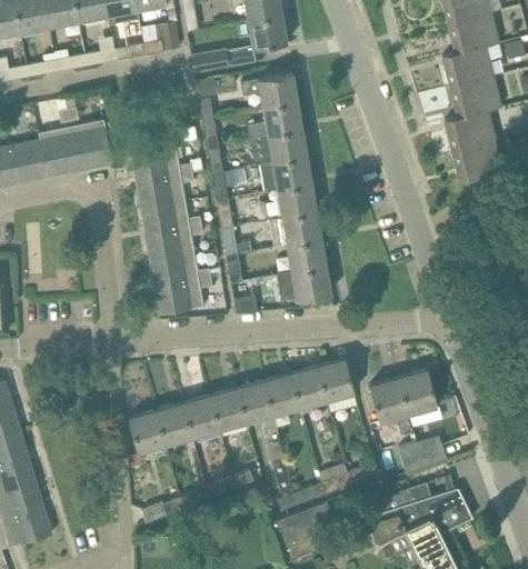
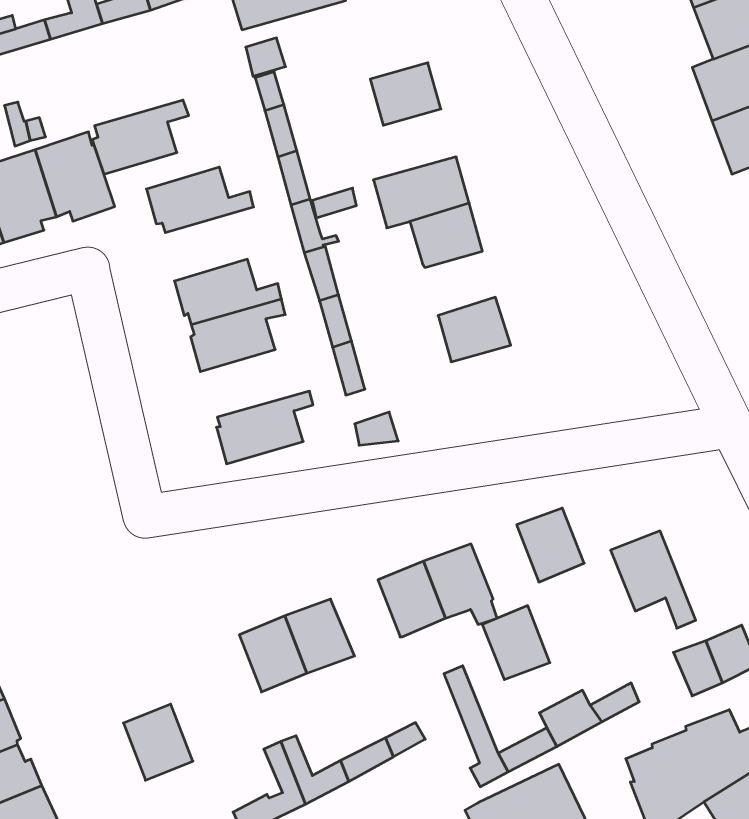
building: [240,73,297,108] -> none
building: [249,129,307,166] -> none
building: [137,172,192,209] -> [92,100,189,174]
building: [282,211,320,244] -> none
building: [150,253,210,288] -> none
building: [276,266,330,303] -> none
building: [291,367,327,407] -> [482,606,550,680]
building: [398,370,437,431] -> none
building: [209,389,246,430] -> none
building: [128,411,165,452] -> [123,704,193,780]

